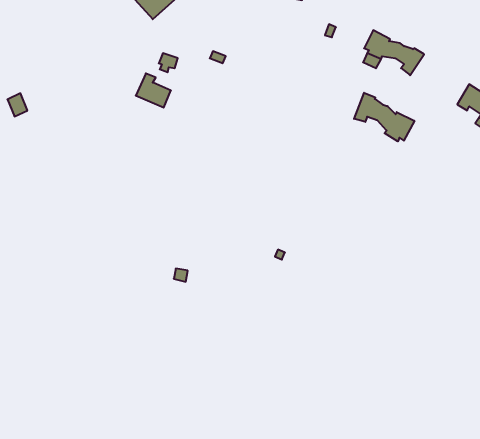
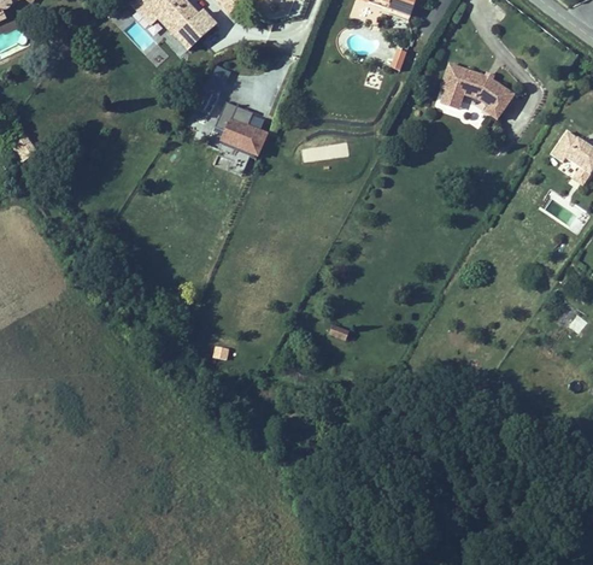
building: [136,73,171,108] -> [224,113,266,154]
building: [354,93,414,141] -> none

